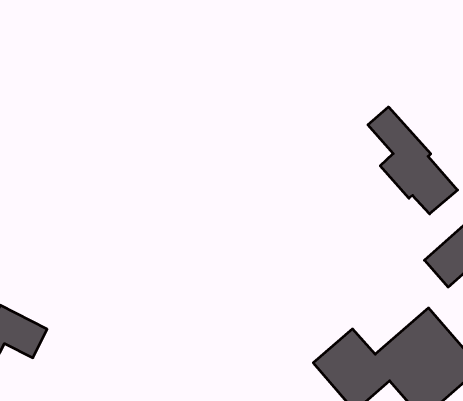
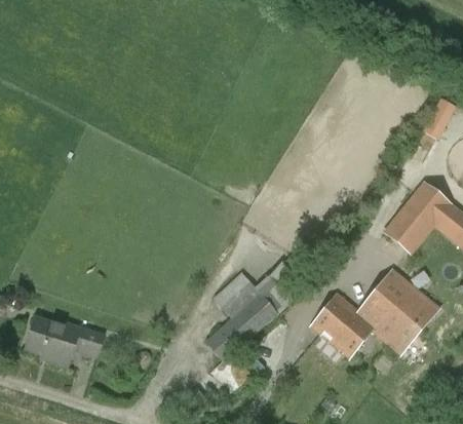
building: [368,107,458,214] -> none
building: none -> [205,272,278,363]

